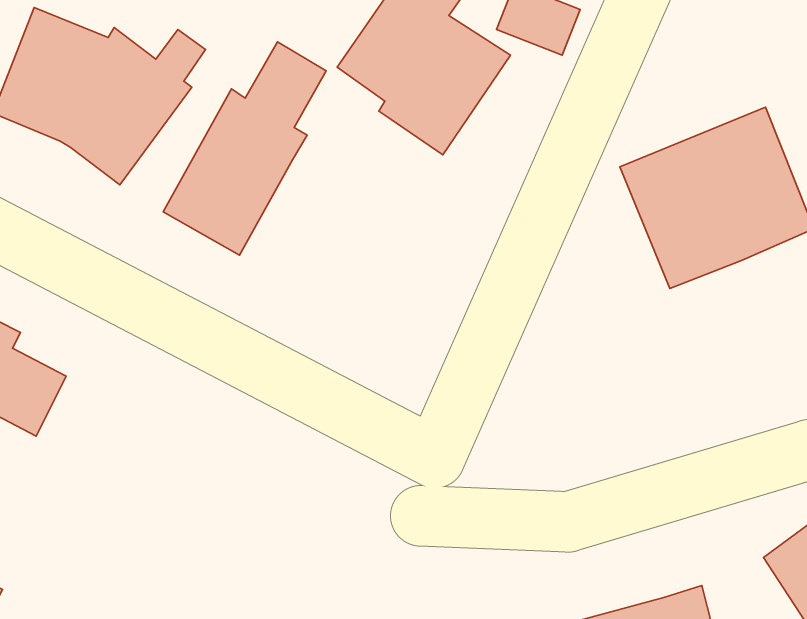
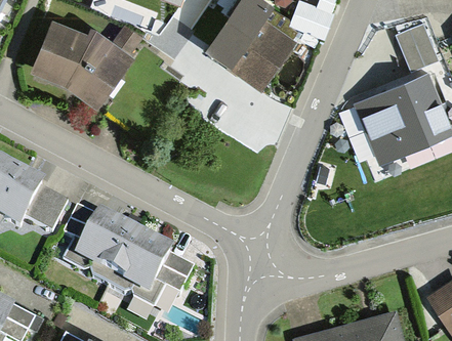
building: none -> [395,26,439,73]
building: [163,42,326,255] -> none
building: none -> [63,208,194,312]

